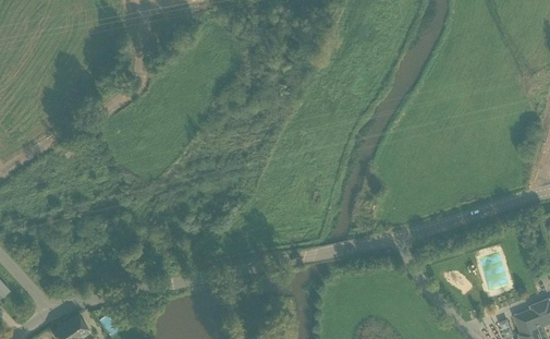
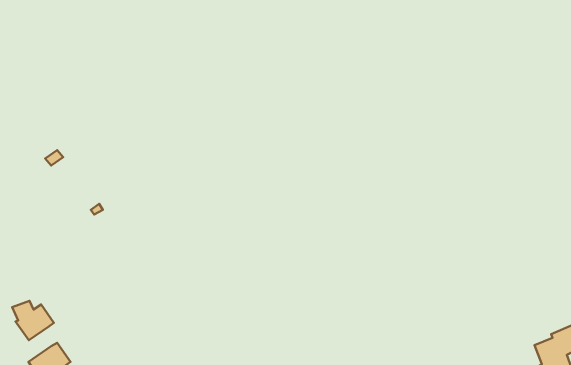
building: none -> [12,301,54,340]

